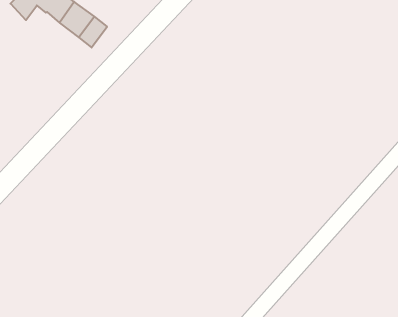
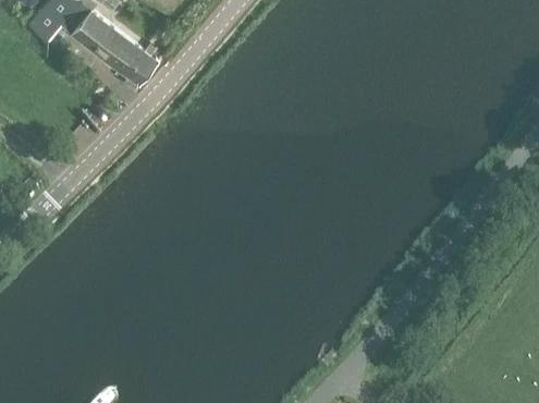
building: none -> [125,46,161,87]

